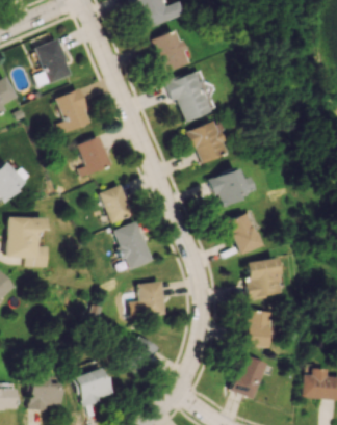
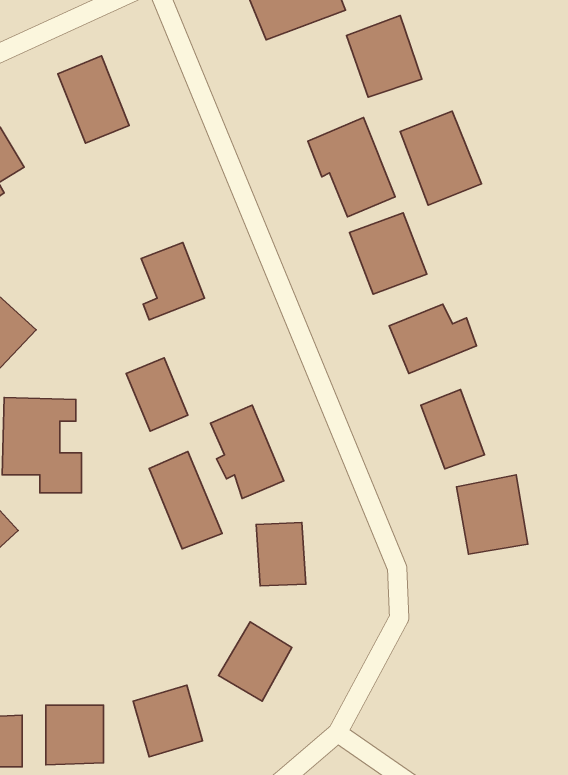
building: [152,29,191,72] -> [346,16,422,97]
building: none -> [400,111,481,205]
building: [57,89,93,135] -> none
building: [101,185,133,223] -> [126,358,188,431]
building: none -> [149,452,222,549]
building: [244,311,270,348] -> none
building: [231,355,266,400] -> none

